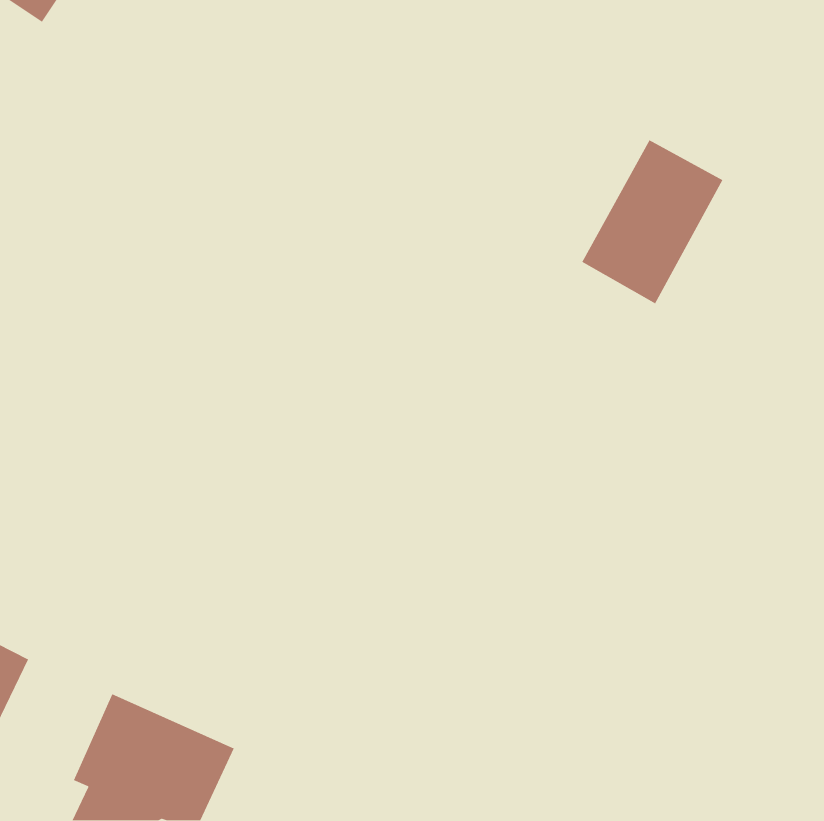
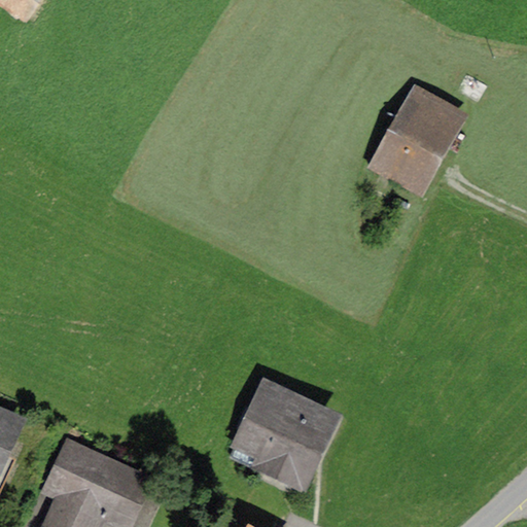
building: none -> [227,378,339,489]

